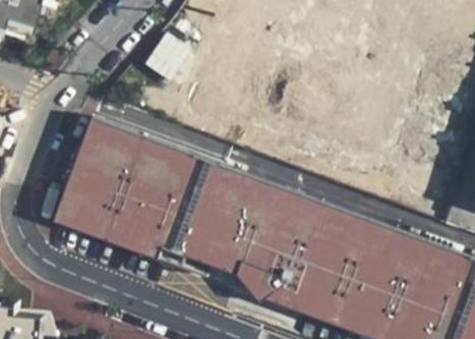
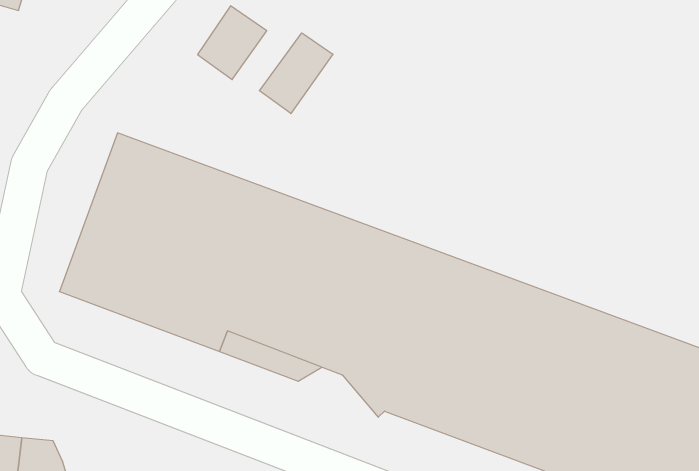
building: none -> [259,33,333,114]

